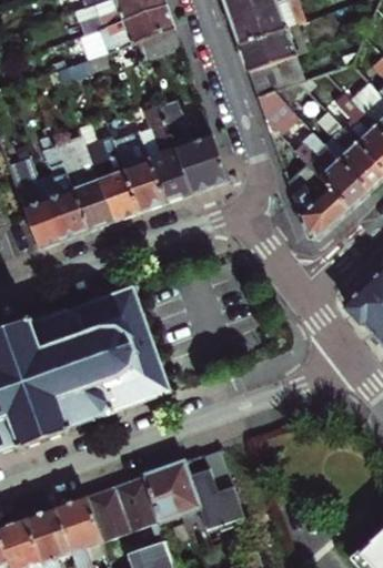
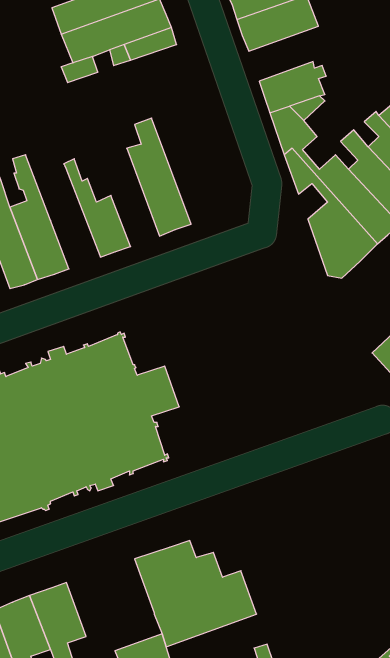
building: [241,23,311,71] -> none
building: [154,82,230,192] -> none
building: [112,128,165,211] -> none
building: [72,143,115,230] -> none
building: [87,475,161,541] -> none

